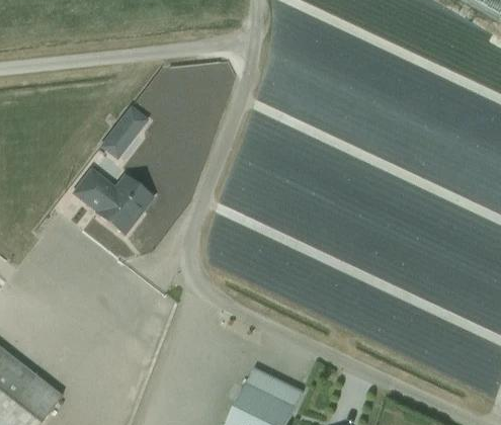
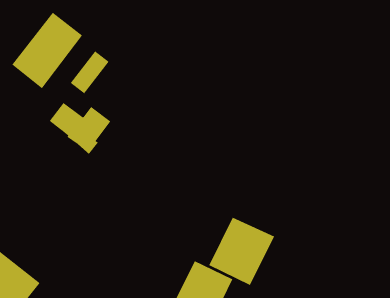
building: none -> [12,12,83,89]
building: none -> [208,217,275,286]

